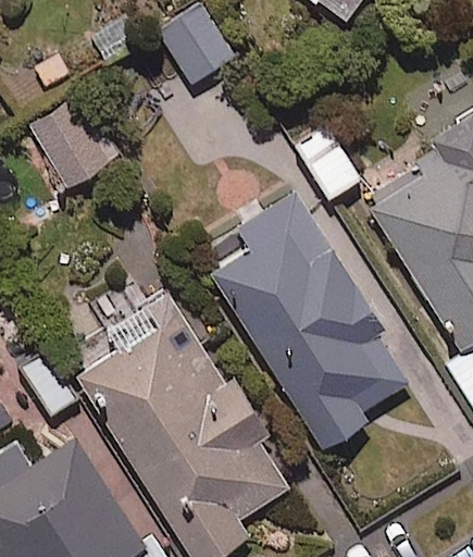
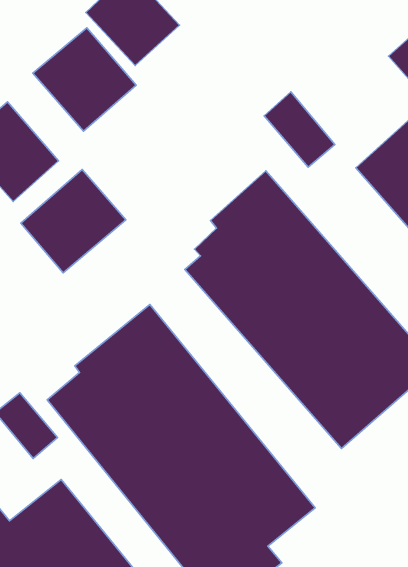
building: none -> [33,28,136,131]
building: none -> [21,170,126,273]

